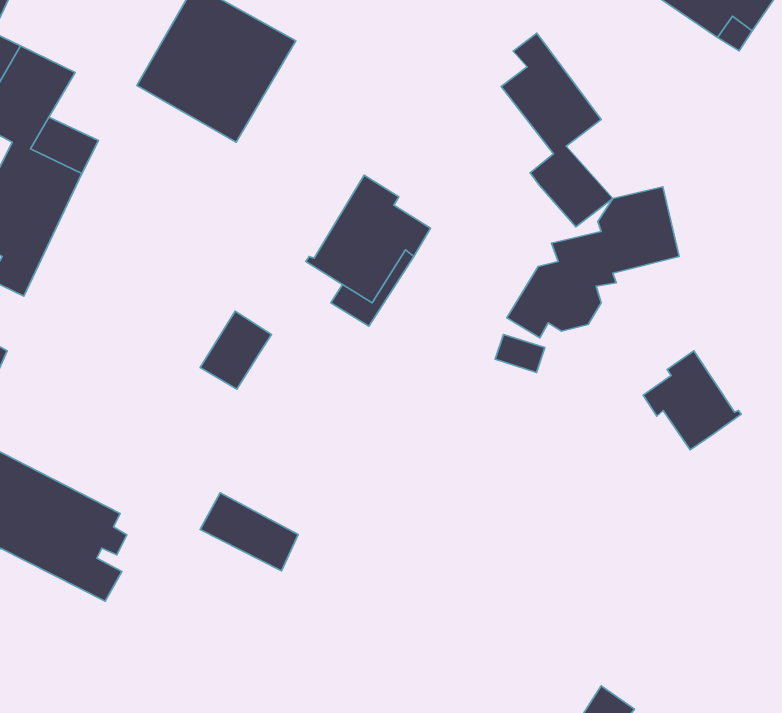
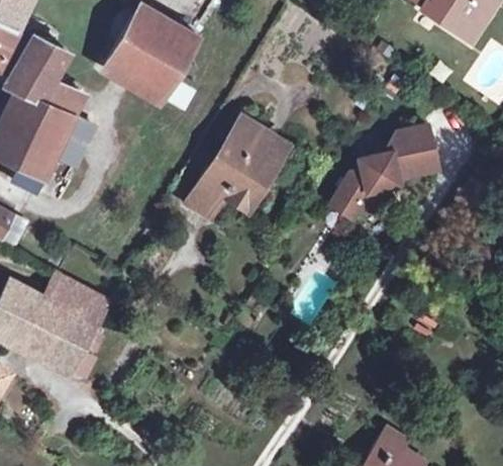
building: [501,33,613,227] -> none
building: [200,311,272,389] -> [187,170,230,217]
building: [643,351,741,450] -> none
building: [200,493,298,571] -> [45,276,105,323]

